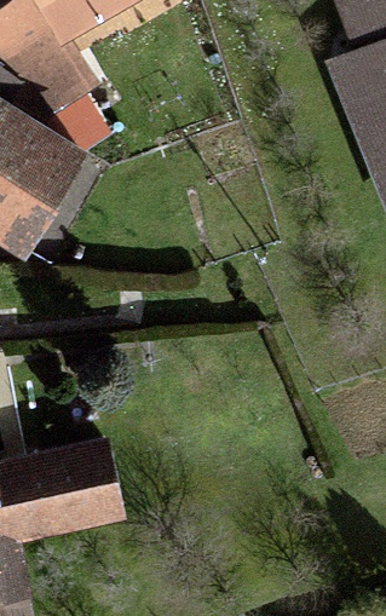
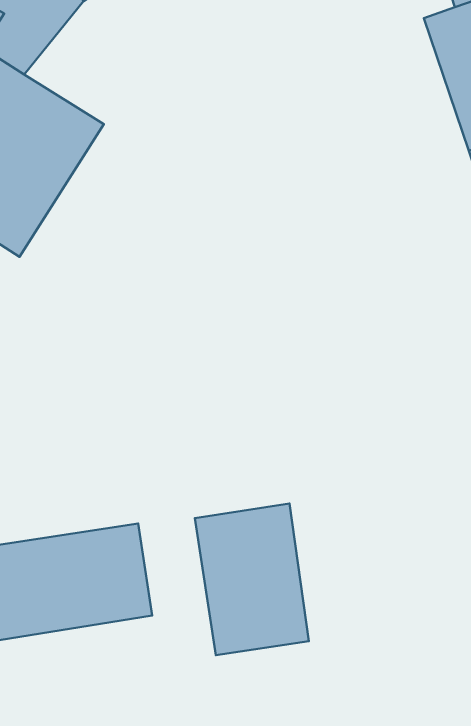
building: none -> [195,504,309,655]

